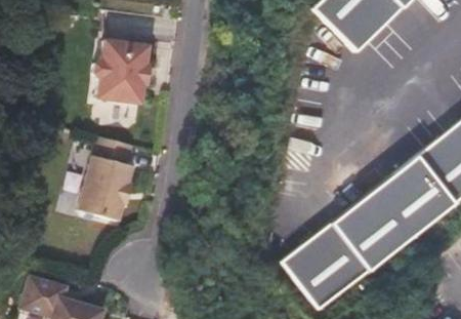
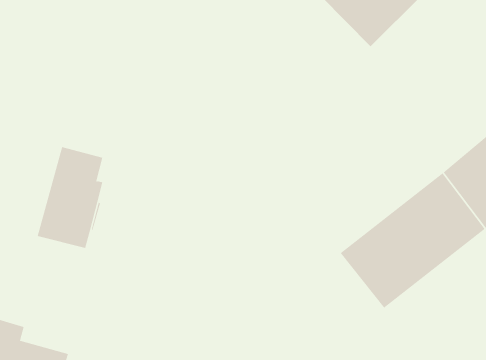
building: [97,40,148,104] -> none
building: [282,225,367,310] -> none

